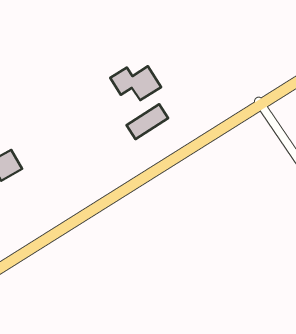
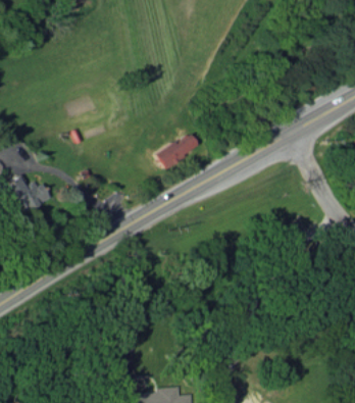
building: [110,66,161,100] -> none

